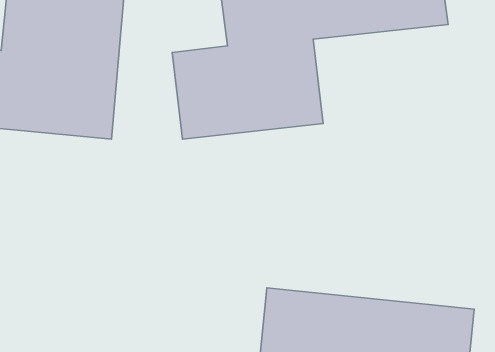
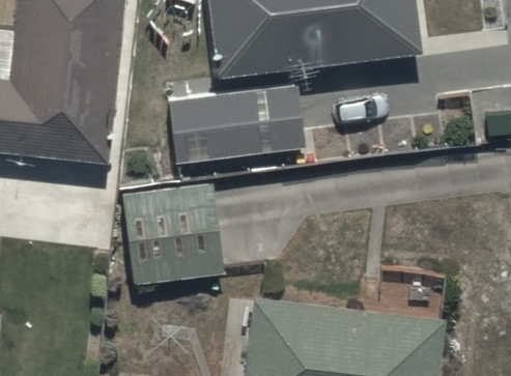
building: none -> [124,184,221,283]

